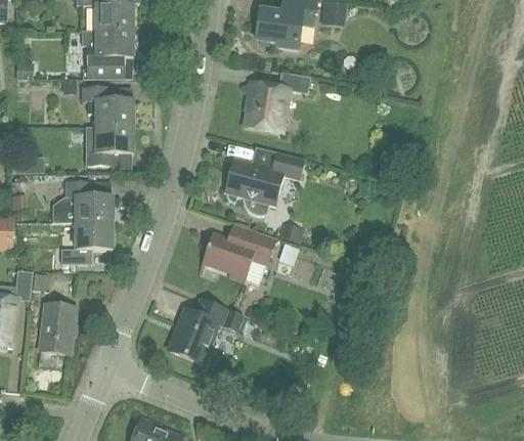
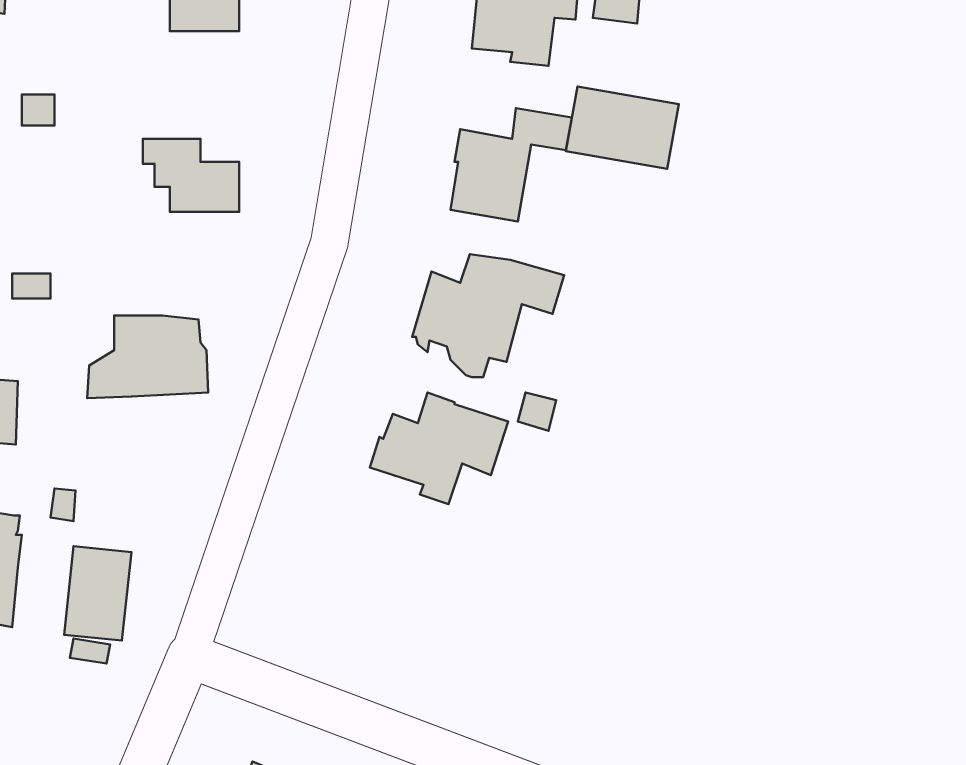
building: [81,30,132,78] -> none
building: none -> [566,87,679,169]
building: [86,126,132,165] -> none
building: [61,222,116,266] -> none
building: [168,298,242,362] -> none

